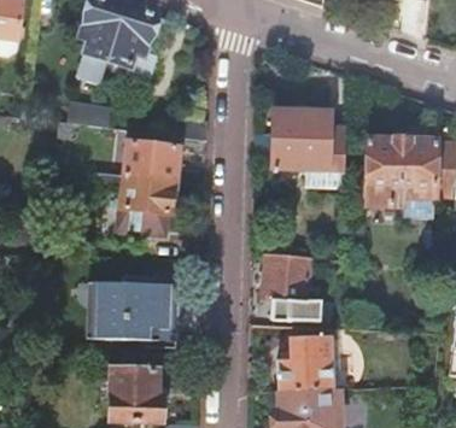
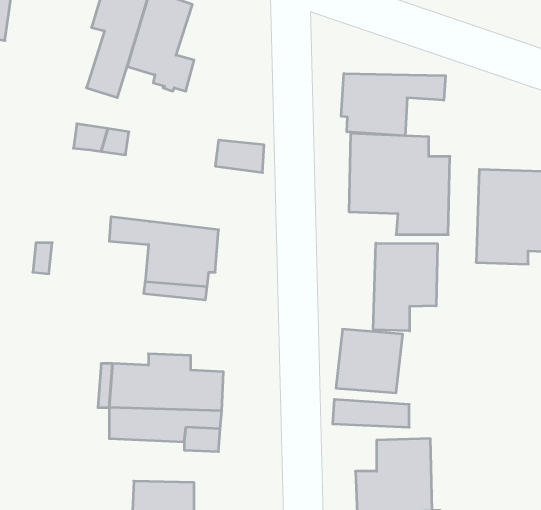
building: none -> [341,73,445,136]
building: [124,140,179,181] -> none
building: none -> [373,243,437,331]

